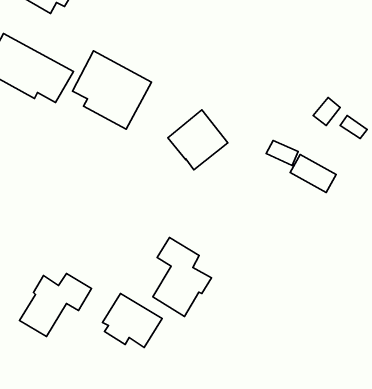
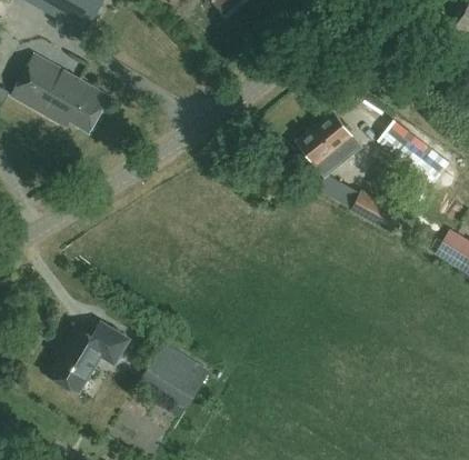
building: [72,51,151,129] -> none
building: [168,110,228,170] -> [296,110,362,177]
building: [153,237,212,317] -> none

